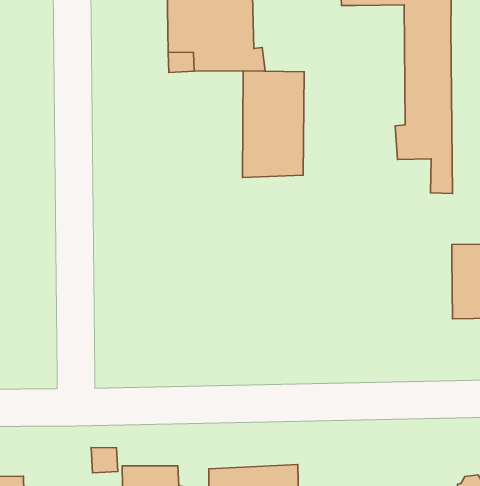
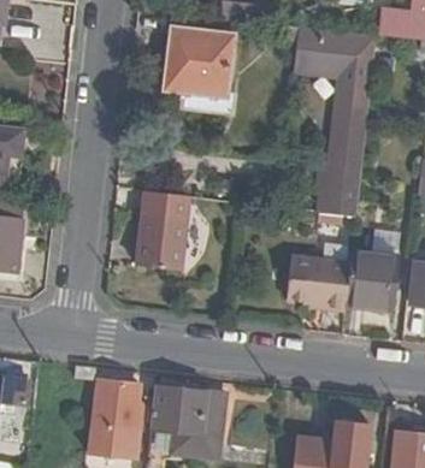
building: [243,71,304,178] -> [138,191,191,271]
building: none -> [285,256,350,312]

